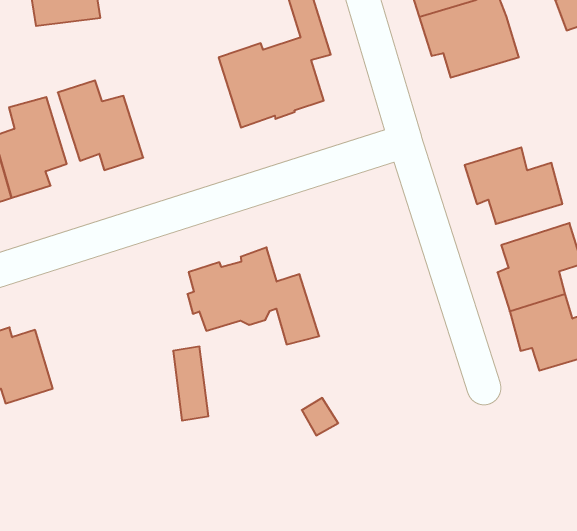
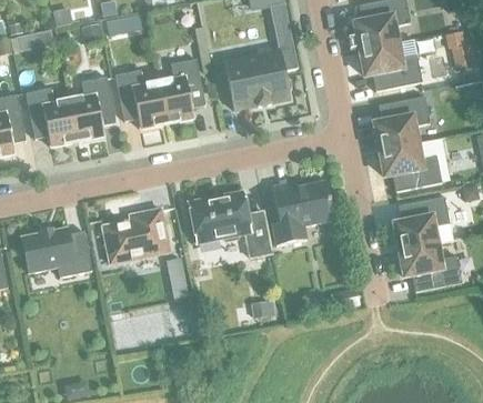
building: none -> [158,58,205,123]
building: none -> [373,95,430,150]
building: none -> [271,181,333,245]
building: none -> [102,208,170,264]

